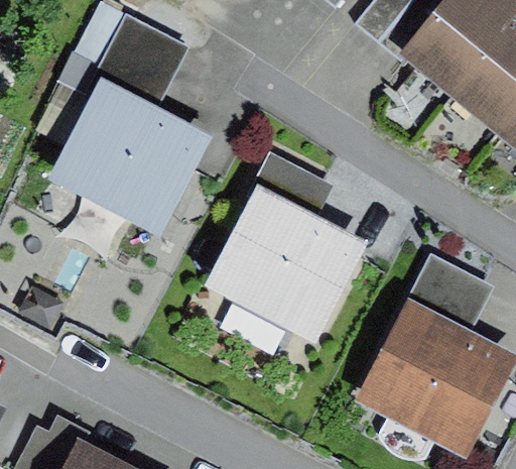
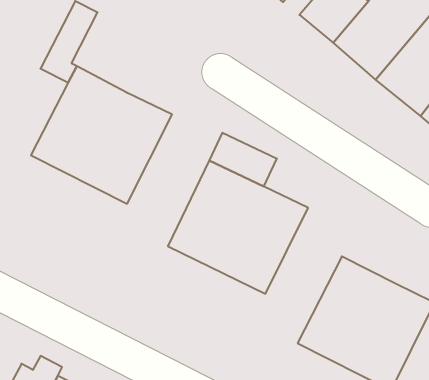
building: [94,15,189,109] -> none
building: [408,256,494,332] -> none

